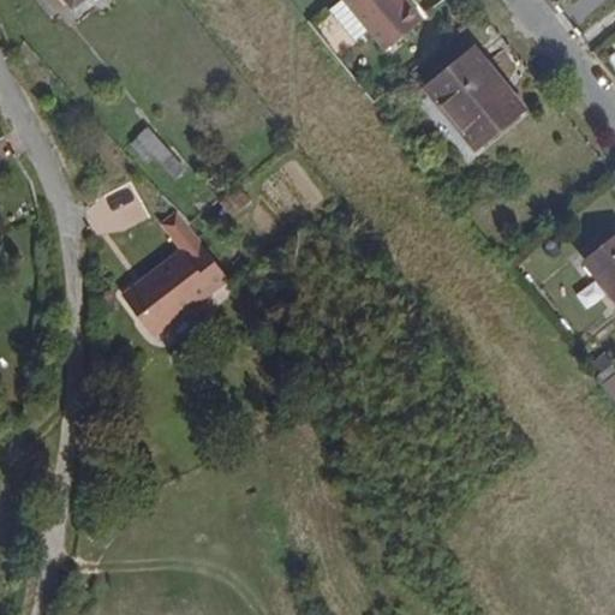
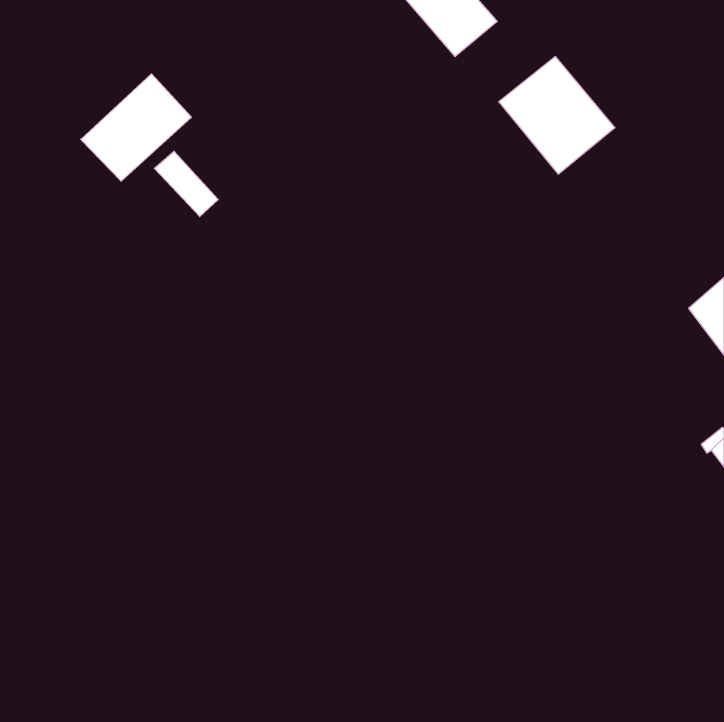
building: none -> [81,74,191,181]
building: [123,211,228,334] -> none

